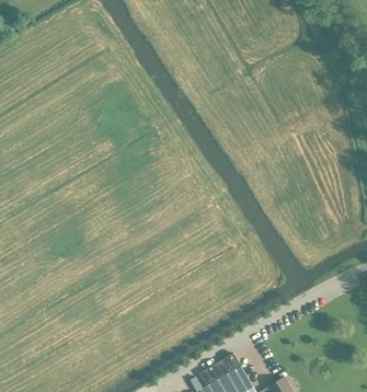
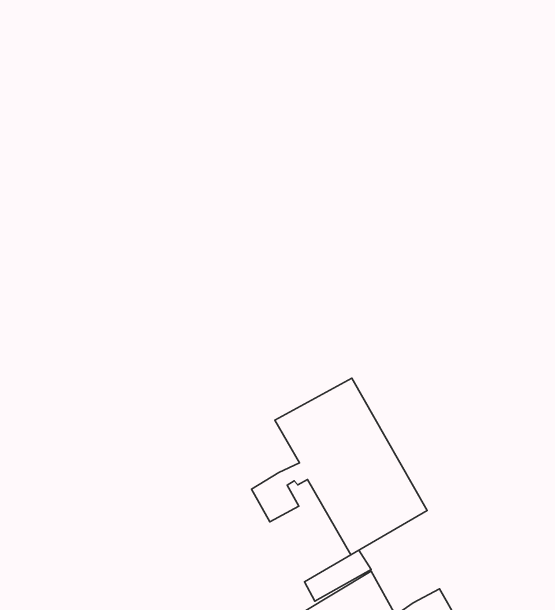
building: none -> [251,378,427,555]

